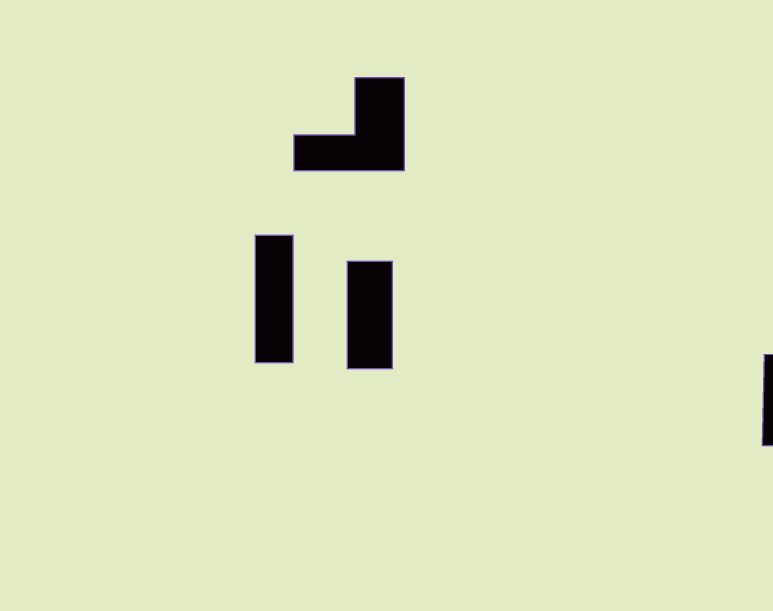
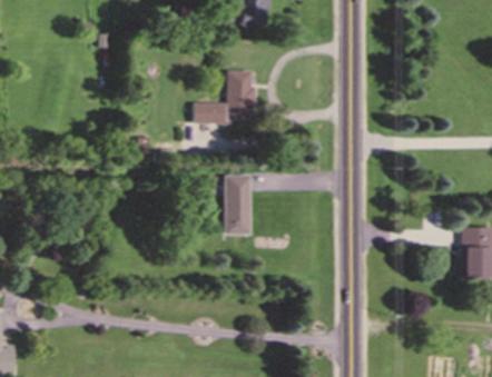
building: [255,235,293,363] -> none

